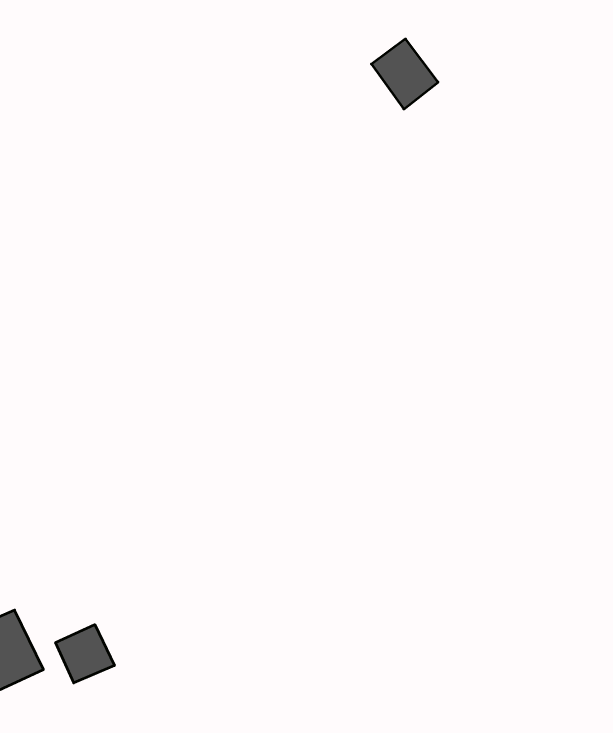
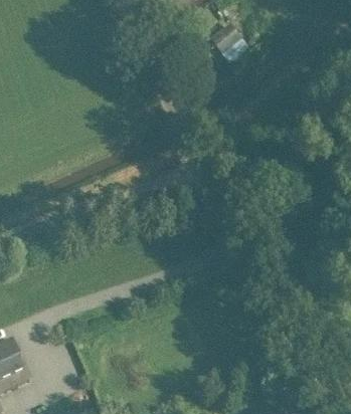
building: [56,625,114,683] -> none

